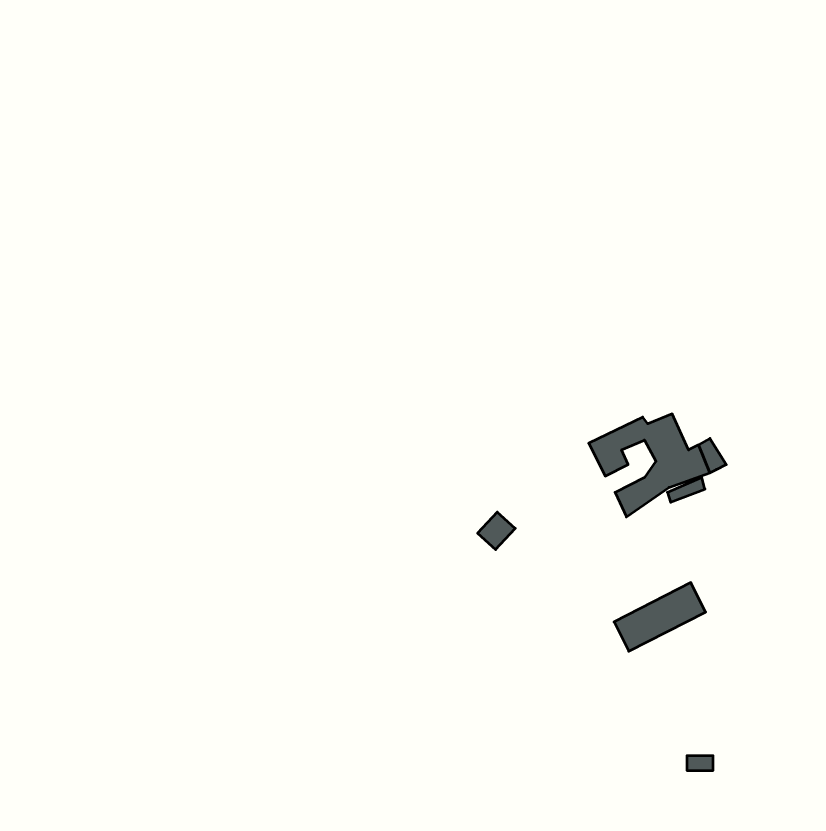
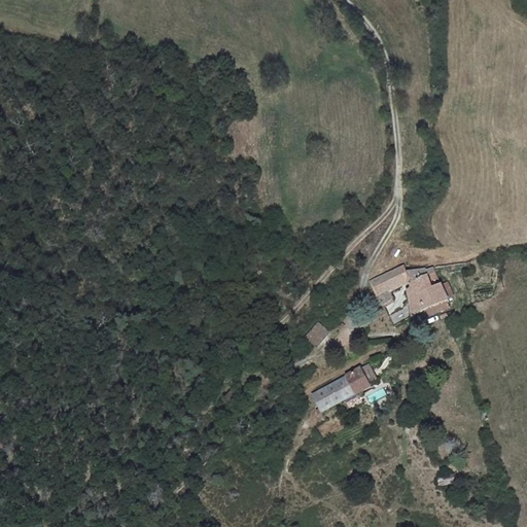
building: [614,583,706,651] -> [313,366,371,410]

